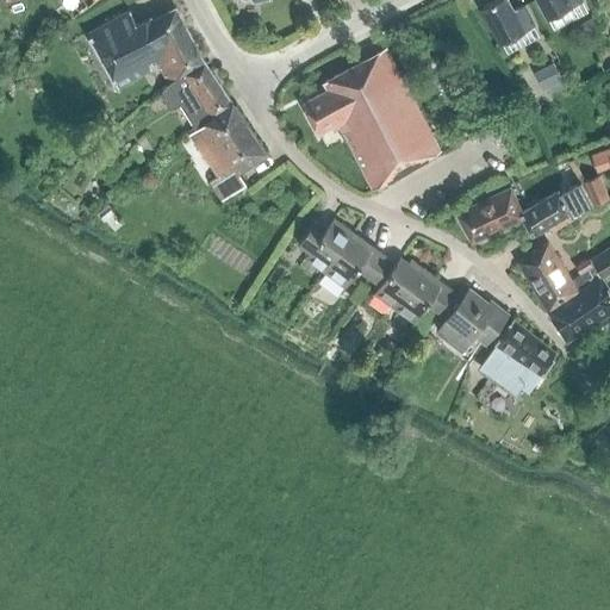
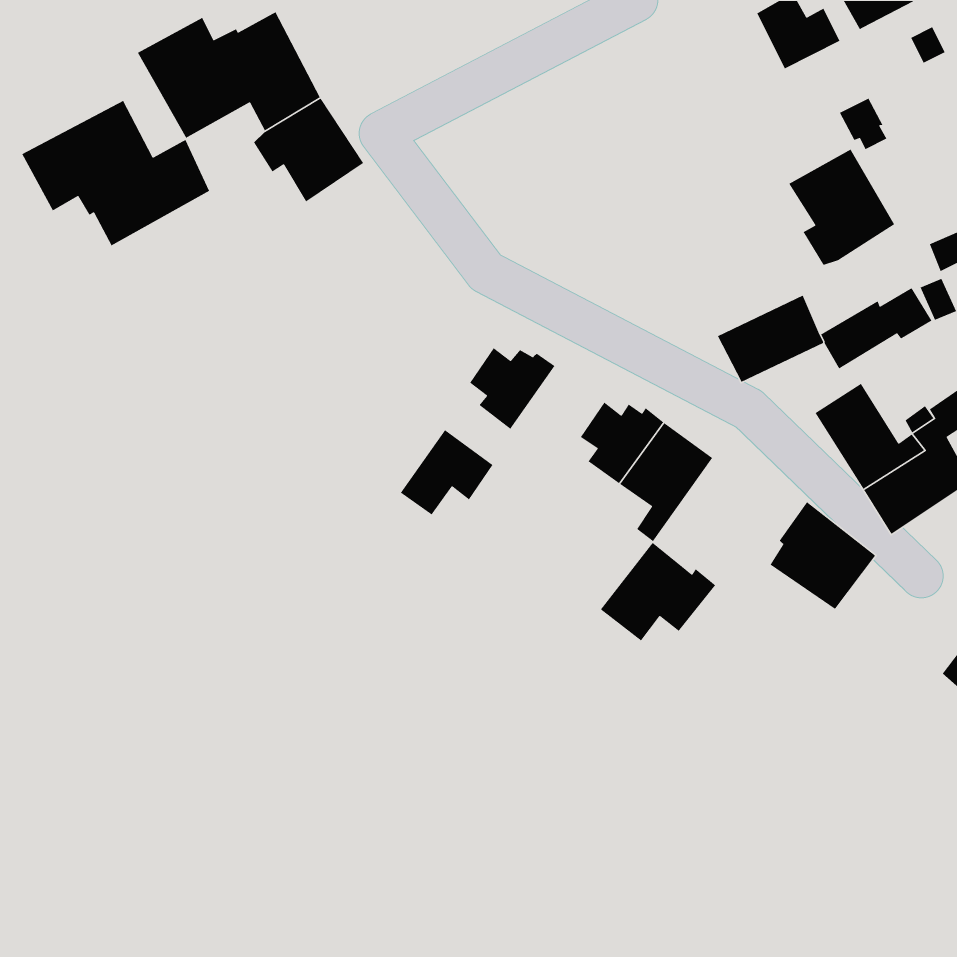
building: [303,50,440,192] -> none
building: none -> [21,100,210,246]
building: none -> [788,149,895,266]
building: [191,105,266,200] -> none
building: [325,234,385,288] -> [400,429,494,515]
building: [436,288,510,351] -> [600,542,716,641]

